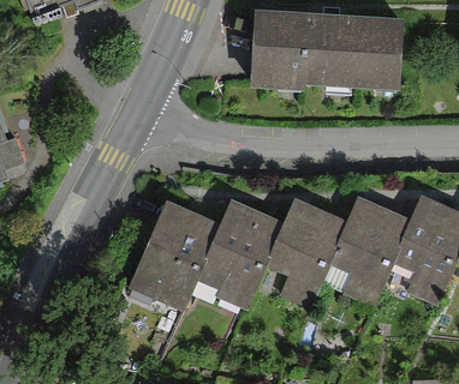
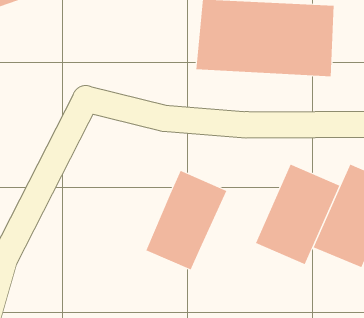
building: [256,197,344,306] -> none
building: [127,202,221,312] -> none

